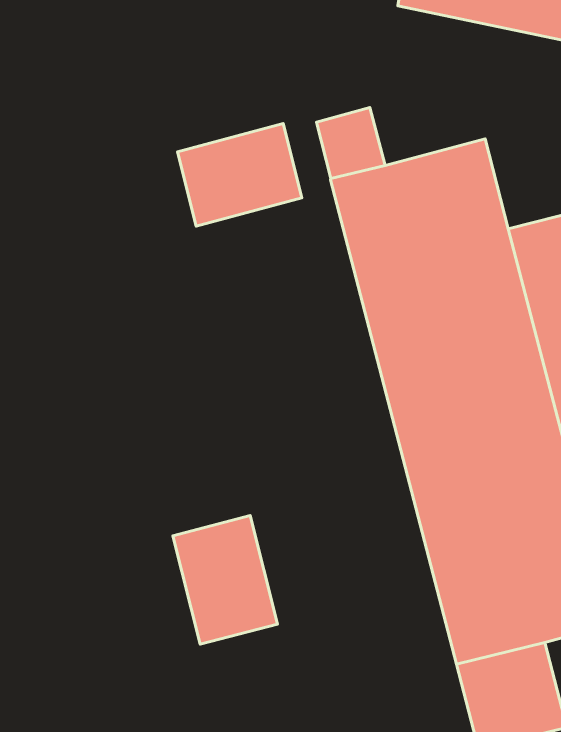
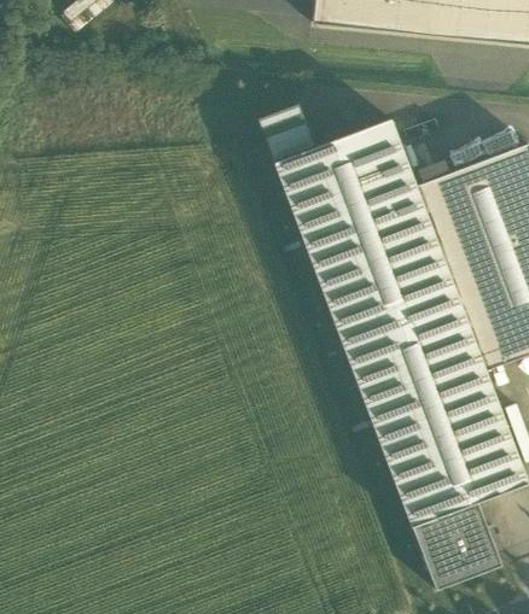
building: [178,124,302,226] -> none
building: [173,516,277,644] -> none

